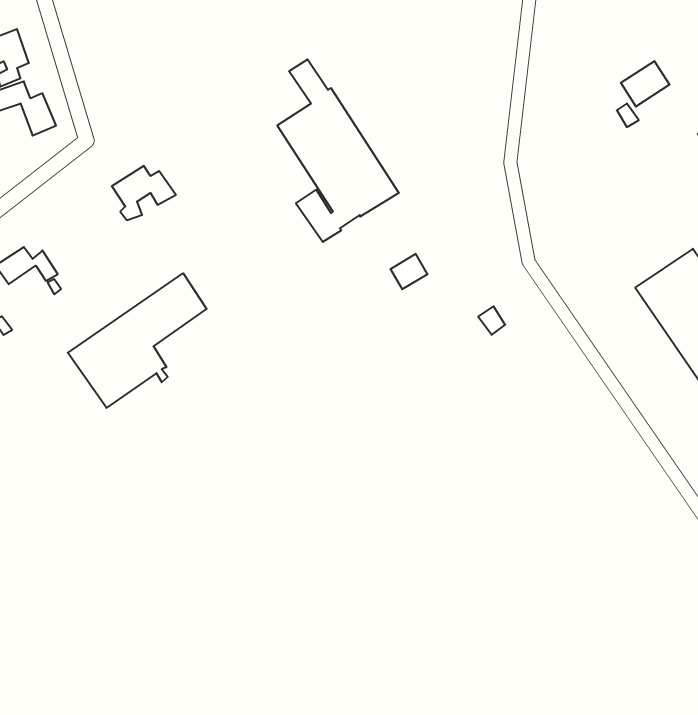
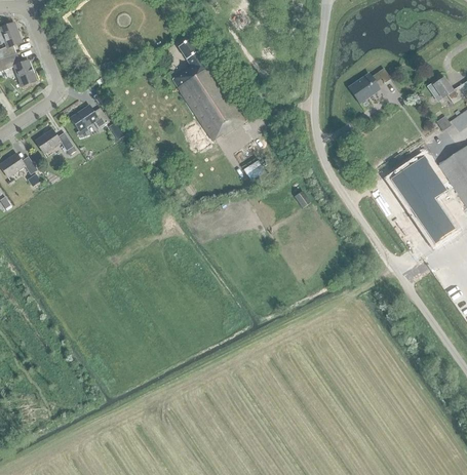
building: [621,61,670,107] -> [348,72,378,100]
building: none -> [36,129,76,154]
building: [68,273,207,408] -> none

